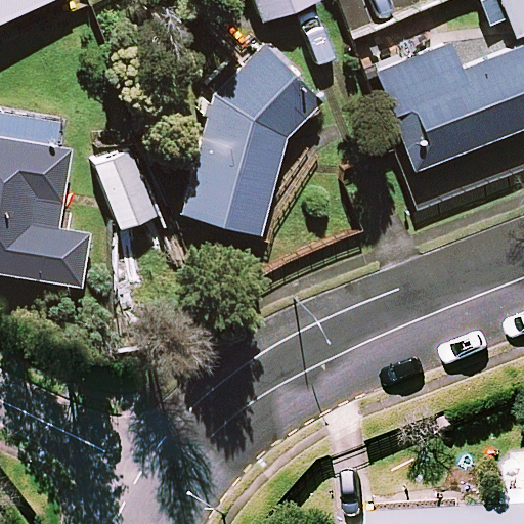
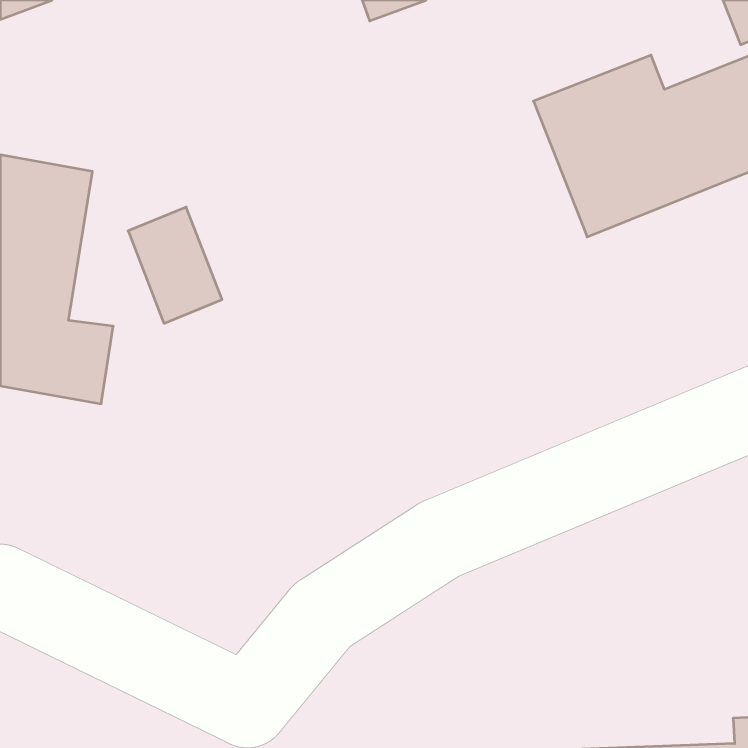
building: [181,47,323,234] -> none

